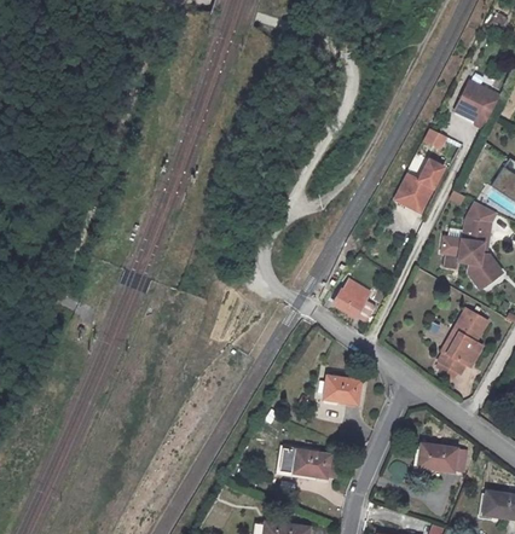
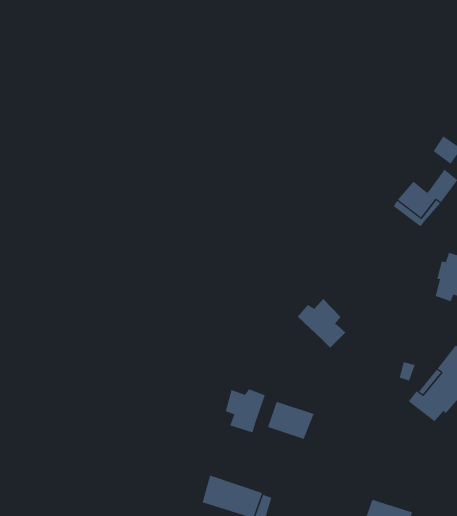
building: none -> [225,388,266,433]

